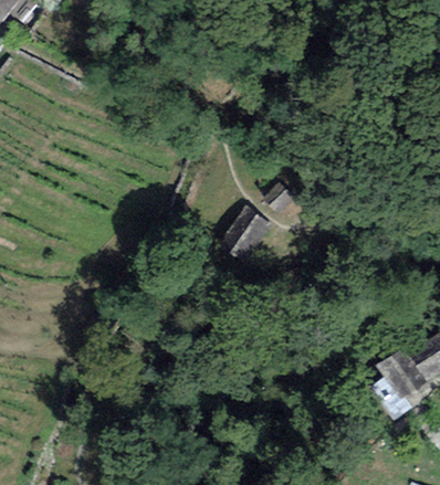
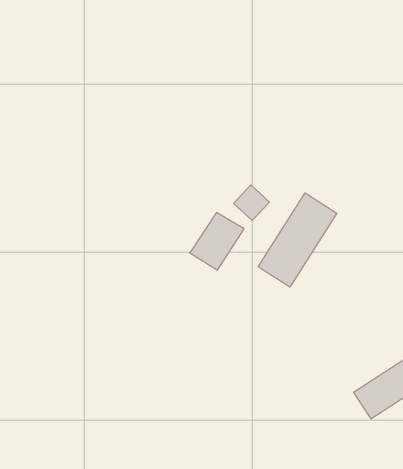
building: none -> [258,193,337,287]

